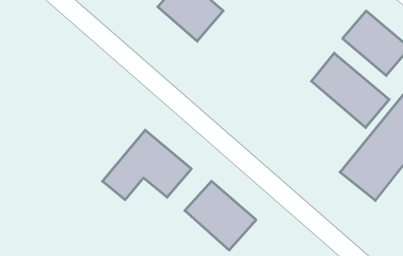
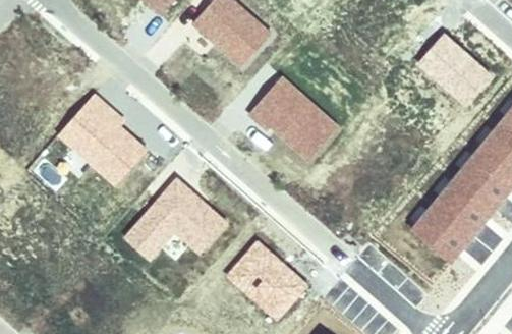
building: none -> [248,74,346,167]
building: [311,53,389,128] -> none
building: none -> [55,89,151,187]

